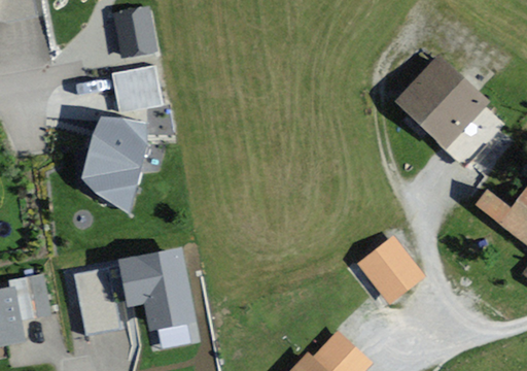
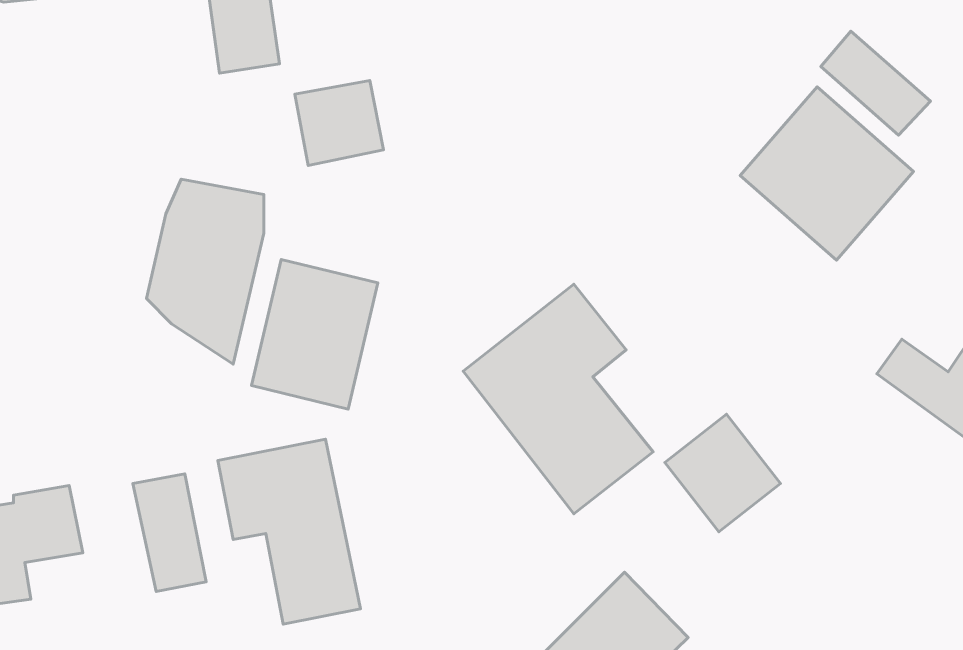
building: none -> [821,31,931,135]
building: [113,66,161,111] -> [295,81,383,165]
building: none -> [252,259,378,409]
building: none -> [463,284,653,514]

